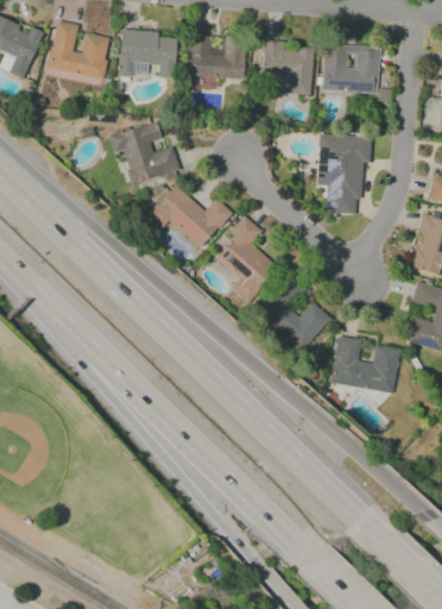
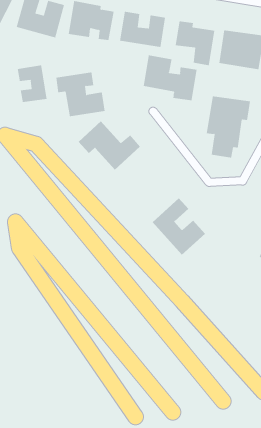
building: none -> [143,55,197,101]
building: none -> [17,64,47,103]
building: [216,215,279,303] -> none
building: [330,337,399,393] -> none

